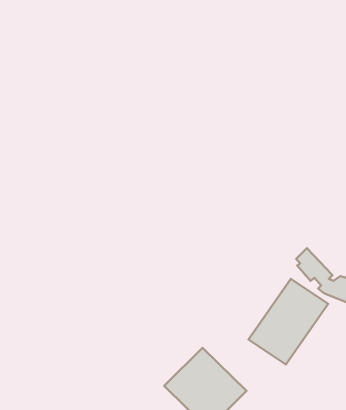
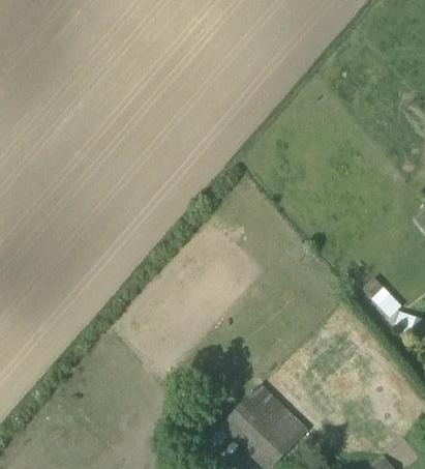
building: [249,279,328,365] -> none

